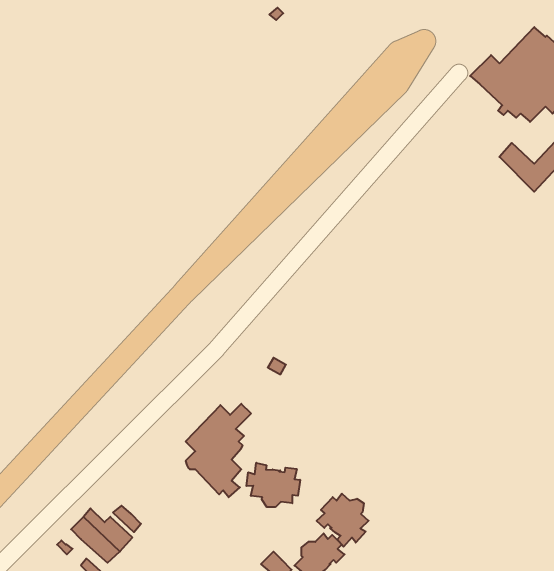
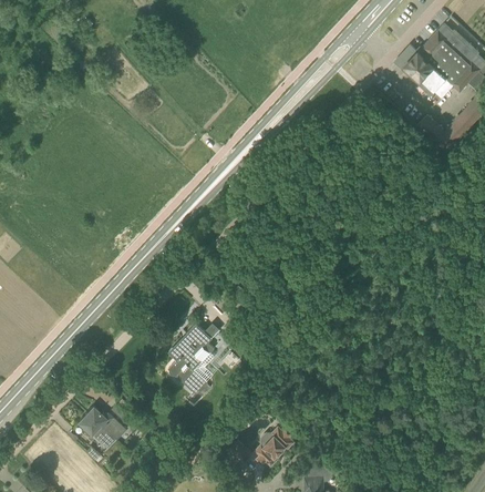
building: [246,463,300,507] -> none
building: [317,494,369,547] -> none

